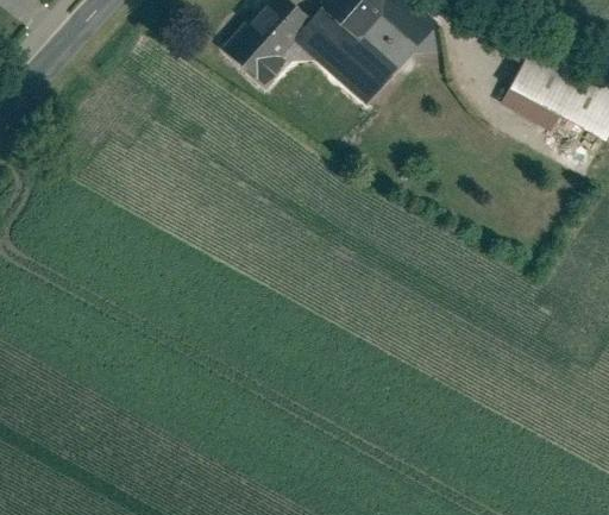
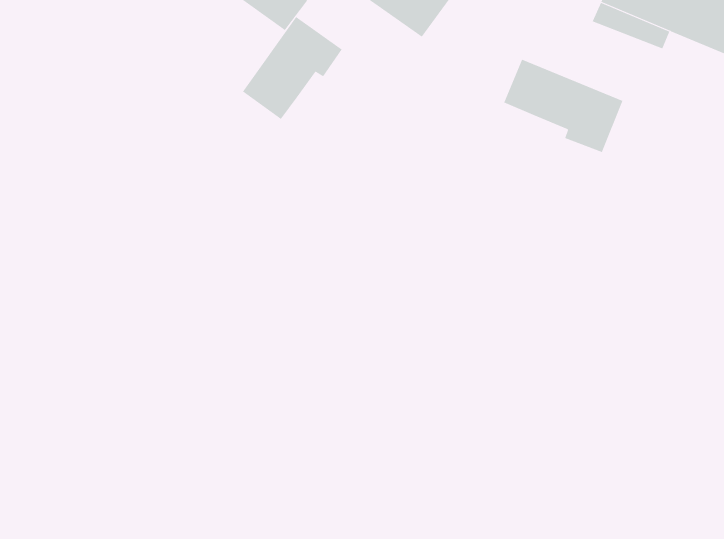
building: none -> [242,16,343,120]
building: none -> [504,59,623,153]

